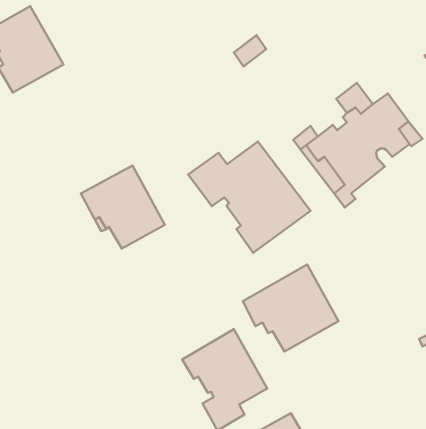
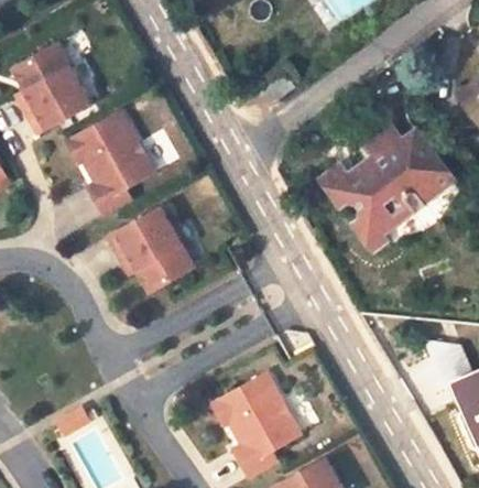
building: none -> [67,112,153,214]
building: [188,141,311,253] -> none
building: [243,264,339,352] -> none

